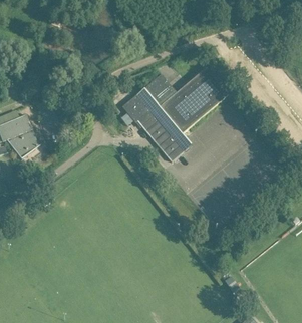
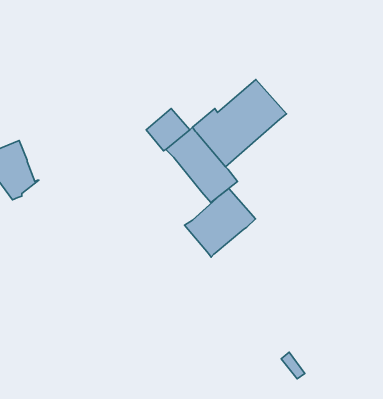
building: [140,74,174,106] -> none
building: none -> [185,188,255,257]

